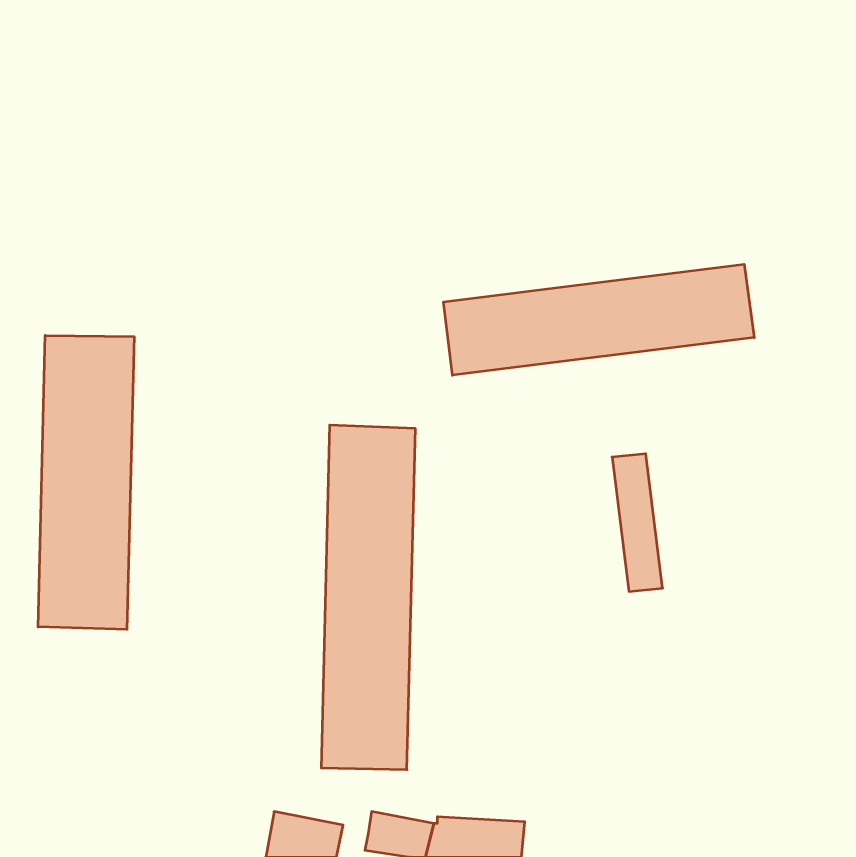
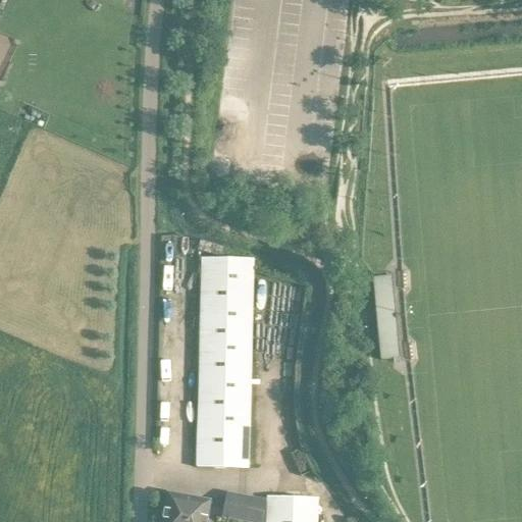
building: [444,264,754,375] -> none
building: [38,335,134,629] -> none

